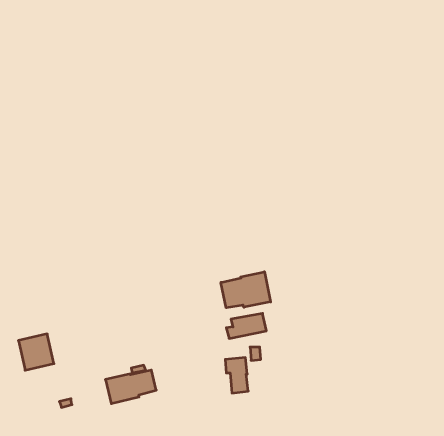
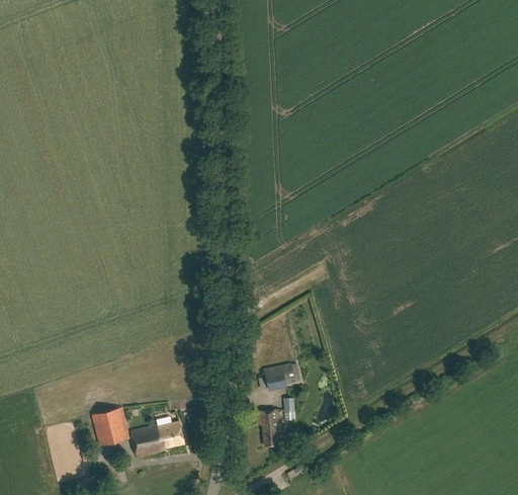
building: [221,272,271,308] -> none
building: [18,334,54,370] -> [92,408,130,446]

